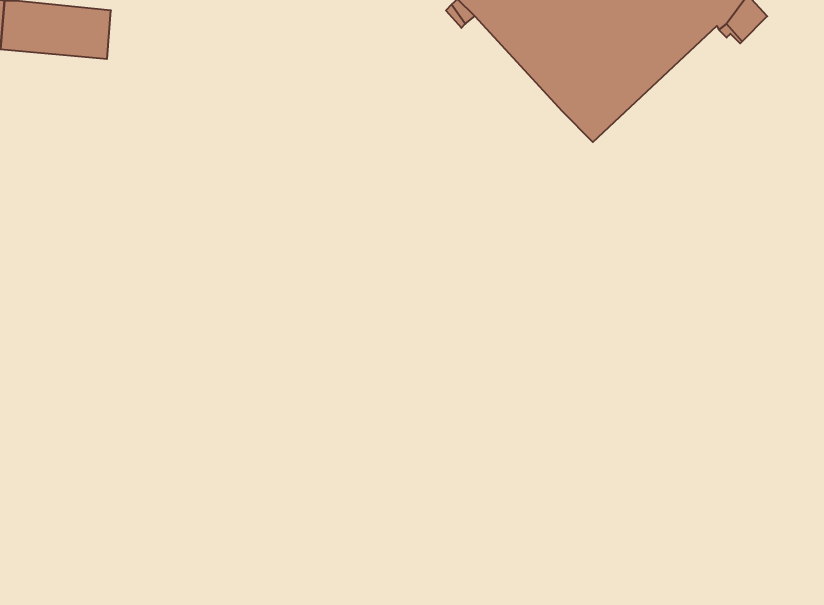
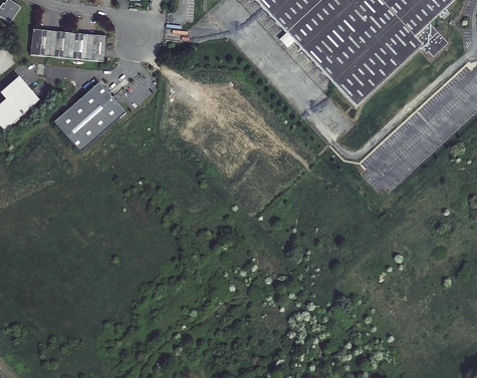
building: none -> [52,81,125,150]

